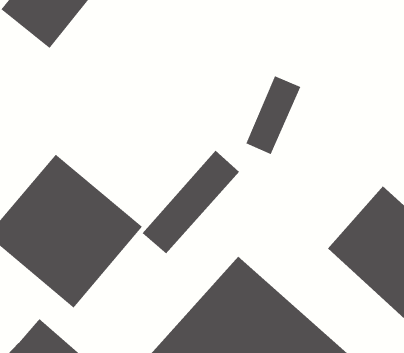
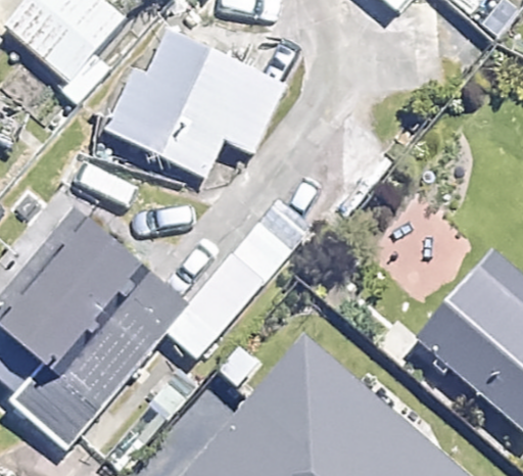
building: none -> [109,26,285,179]

